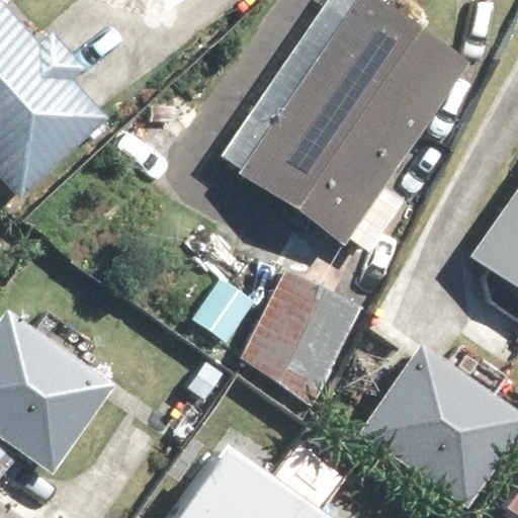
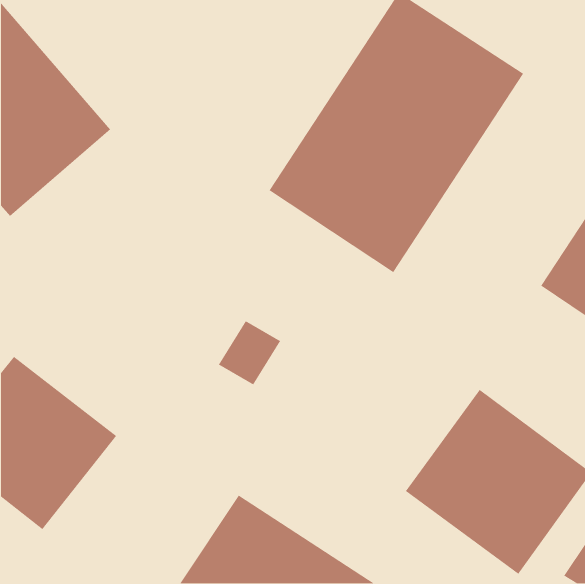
building: [238,272,356,401] -> none

